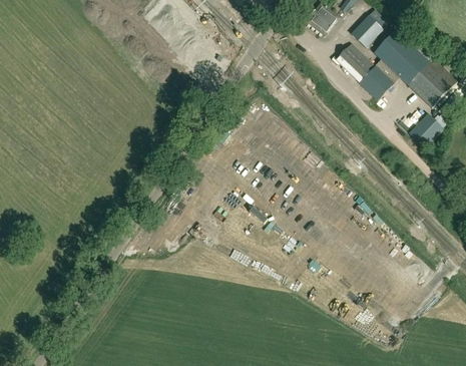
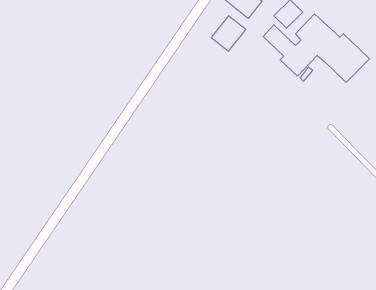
building: none -> [211,16,246,51]
building: [412,114,444,146] -> none

